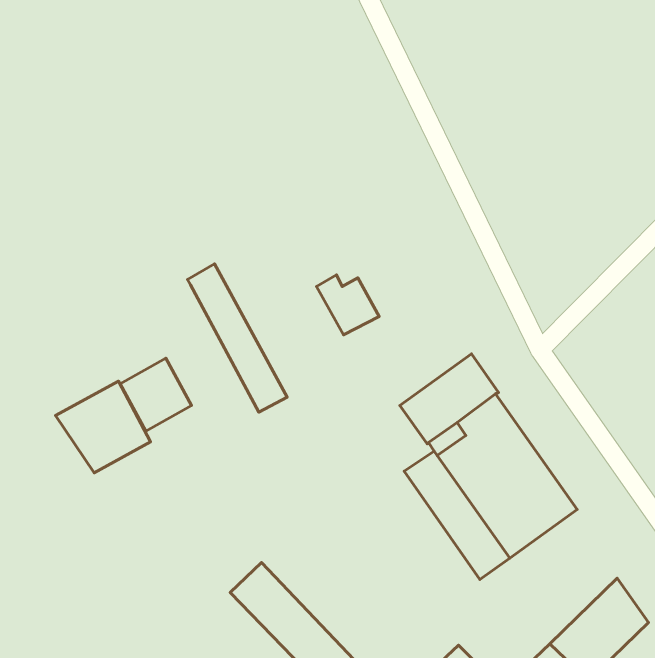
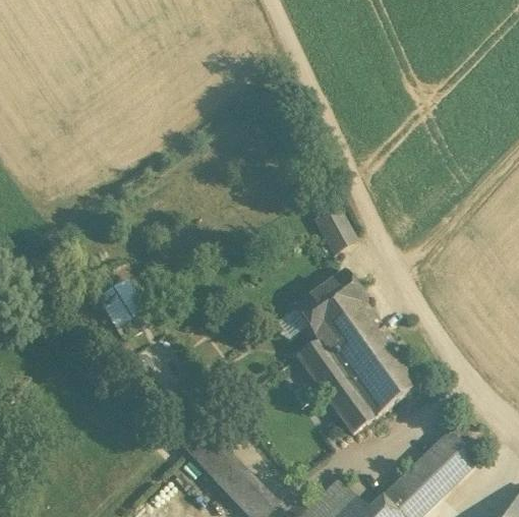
building: [188,264,287,412] -> none
building: [316,275,379,335] -> [313,213,358,255]
building: [56,381,150,473] -> none

